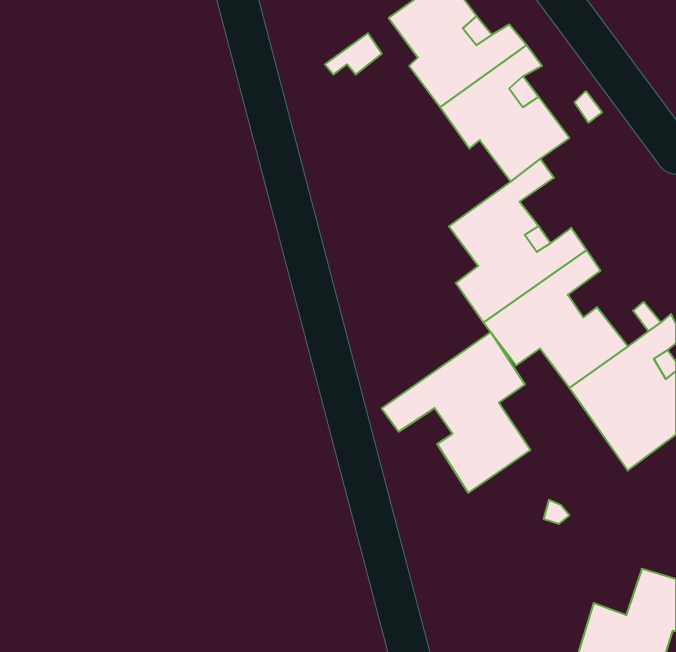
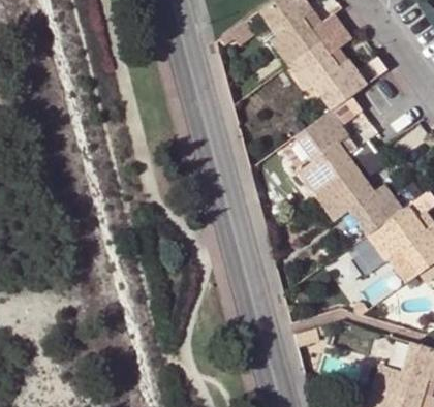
building: [382,332,530,493] -> none

